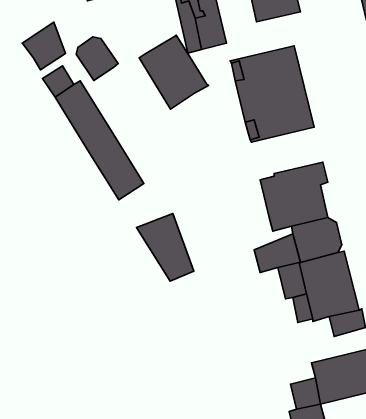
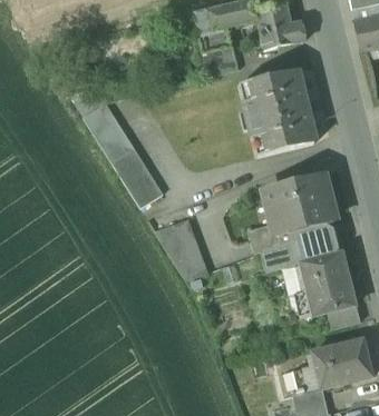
building: [22,22,66,70] -> none
building: [139,35,208,109] -> none
building: [76,37,118,81] -> none
building: none -> [250,222,297,252]

